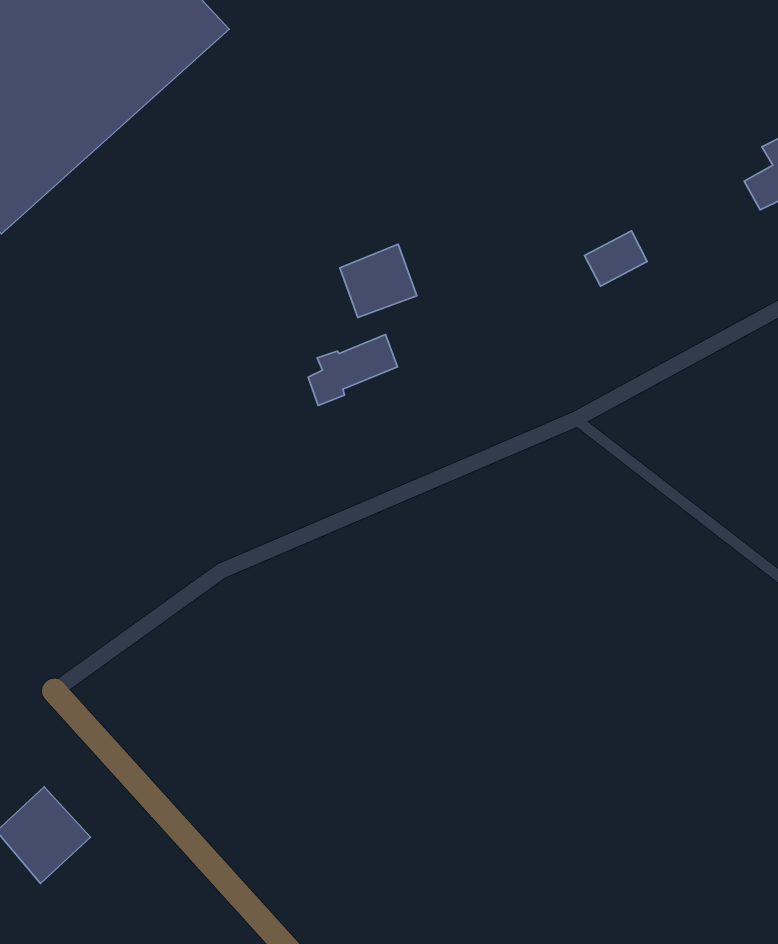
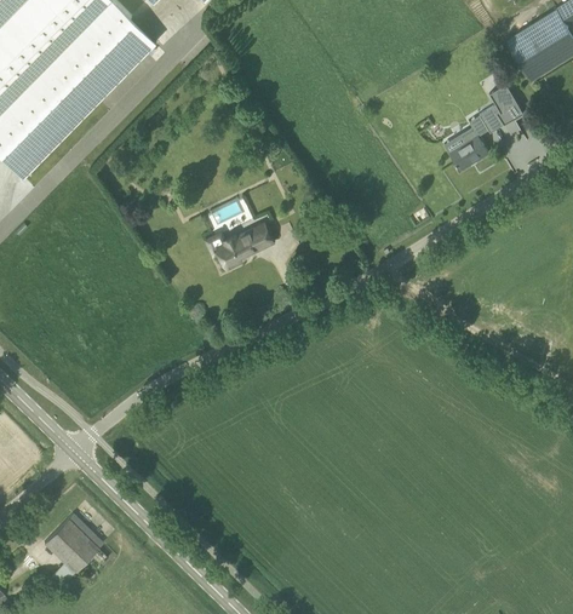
building: [584,231,647,286] -> [449,134,488,170]
building: [340,244,417,318] -> none

